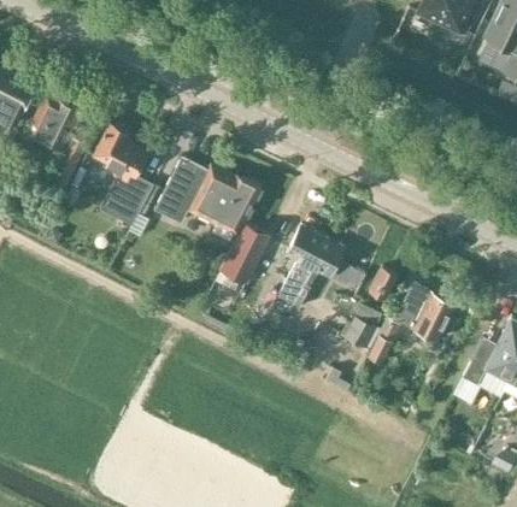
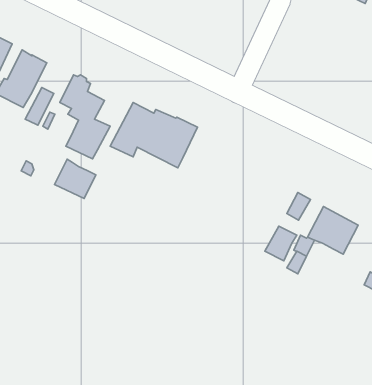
building: [215,224,268,294] -> none
building: none -> [54,159,96,199]
building: [277,226,365,308] -> none

